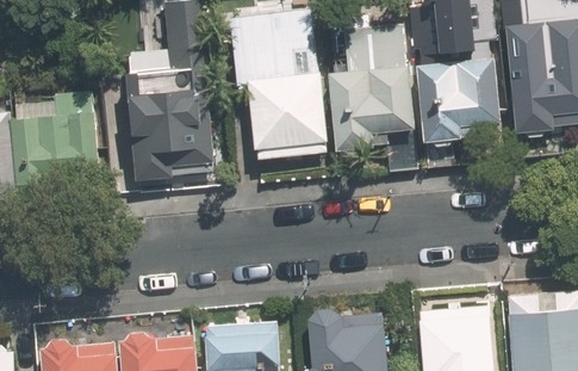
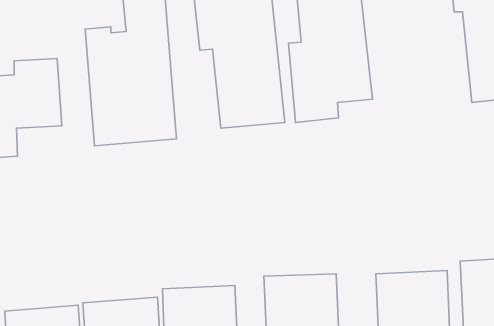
building: [416,38,506,143] -> none

